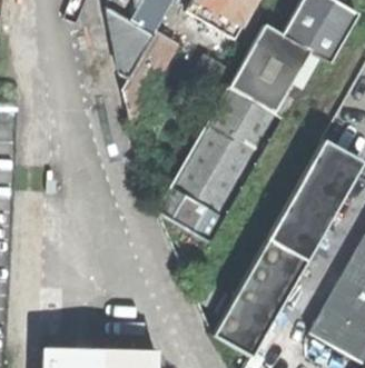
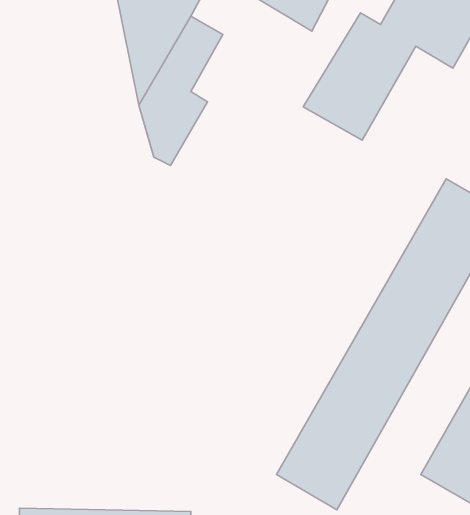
building: [161,90,279,238] -> none

